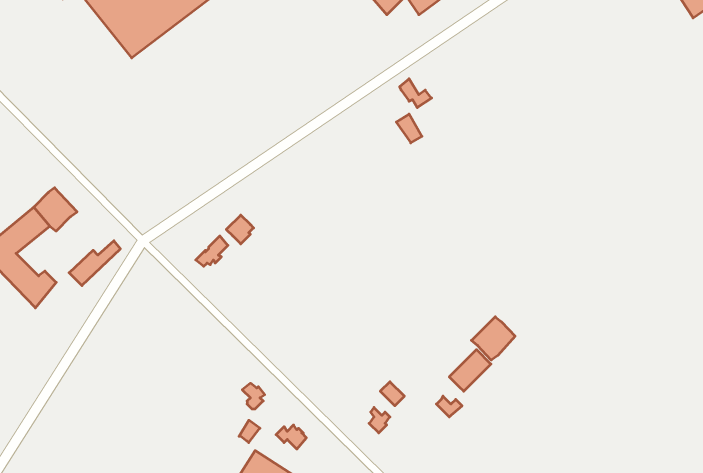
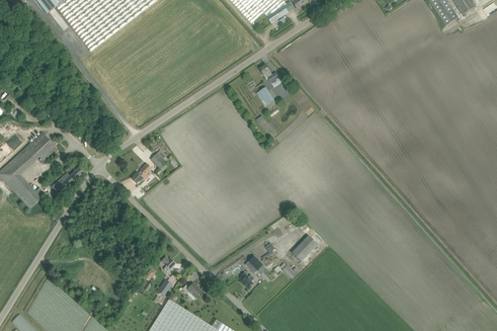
building: [471,317,515,360] -> none

